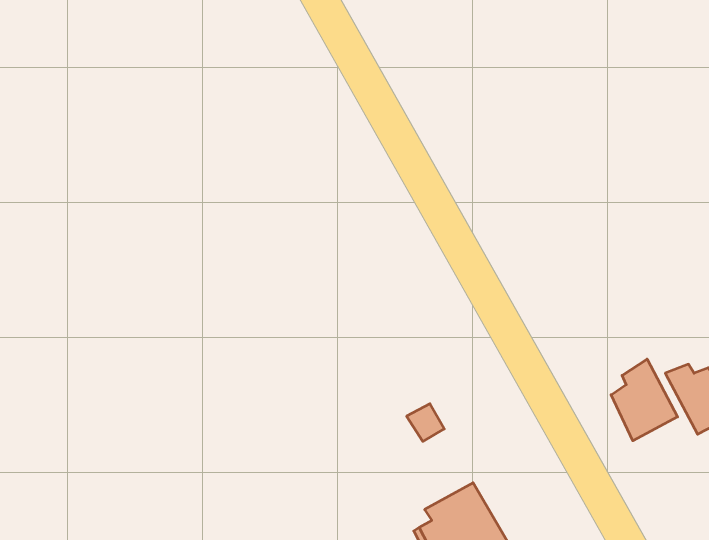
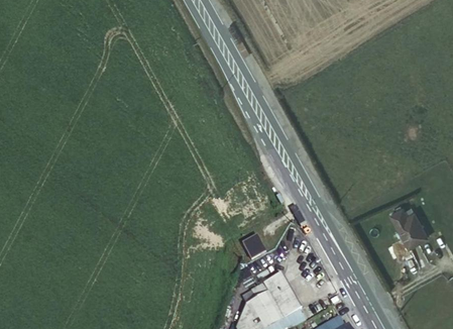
building: [611,359,678,441] -> none

